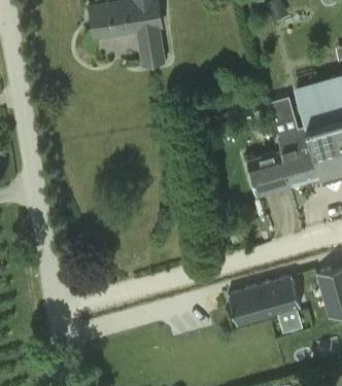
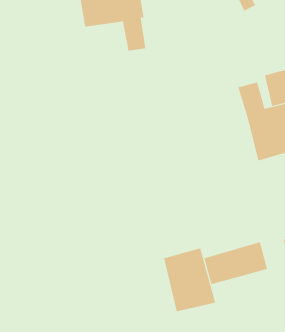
building: [246,150,288,196] -> none
building: none -> [163,248,216,312]

